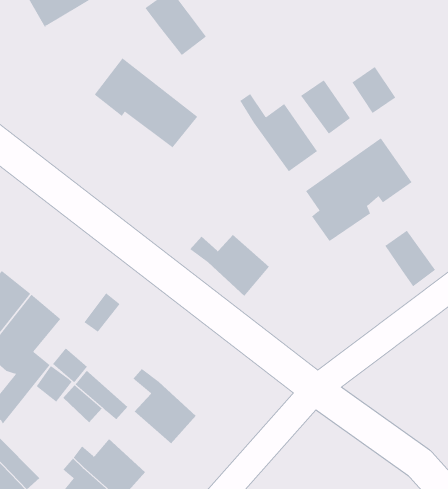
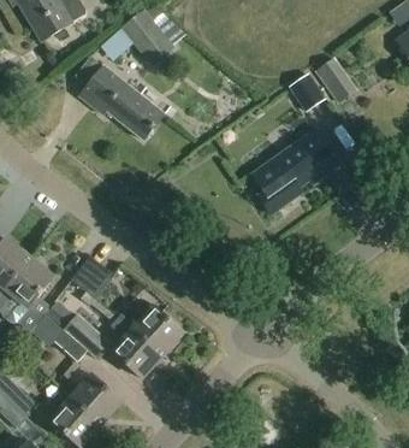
building: [300,79,351,135] -> [315,55,356,100]
building: [240,93,318,172] -> none
building: [384,230,436,287] -> none
building: [190,234,270,297] -> [118,305,183,355]

